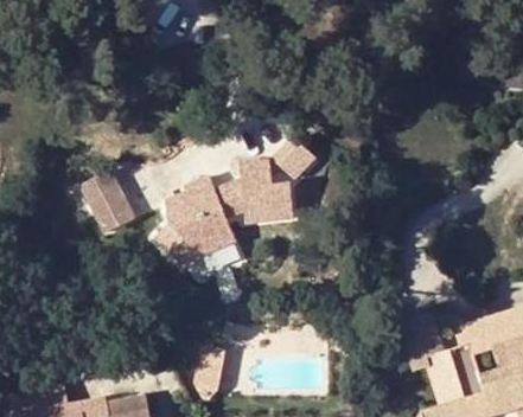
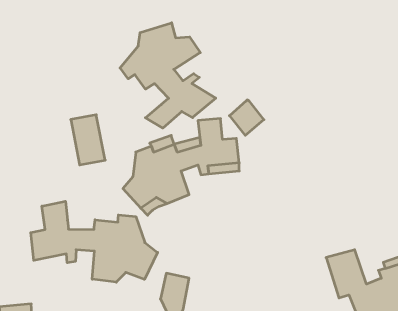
building: none -> [120,23,216,128]
building: none -> [31,201,158,282]

